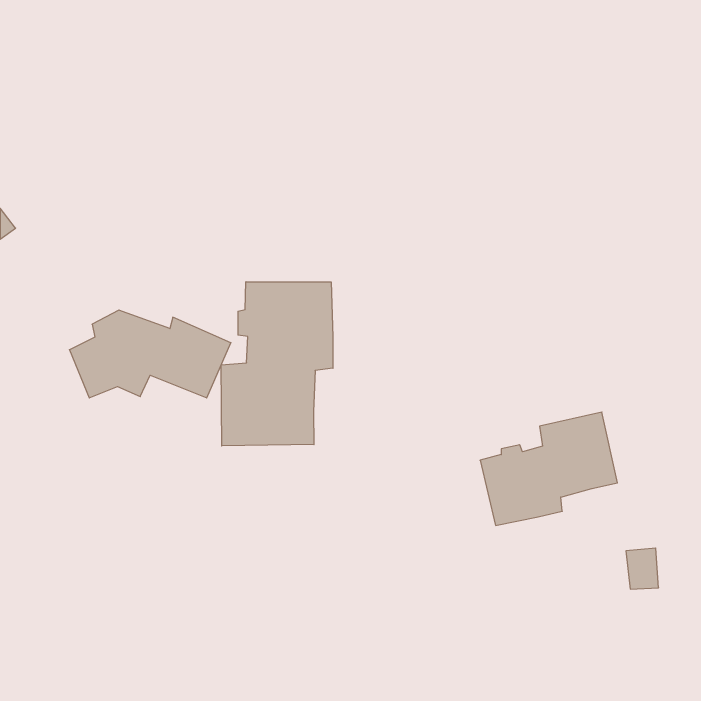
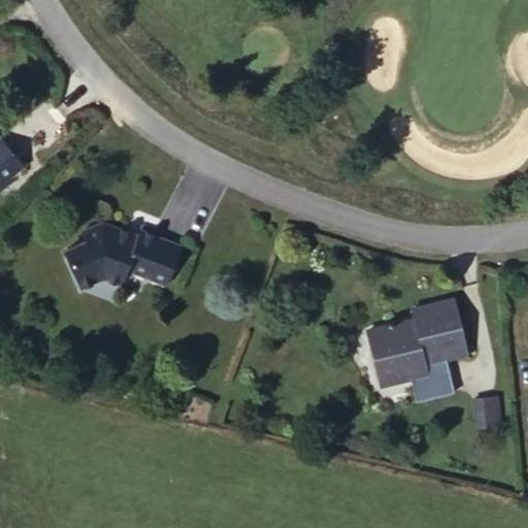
building: [221,282,333,446] -> none
building: none -> [408,356,455,400]

